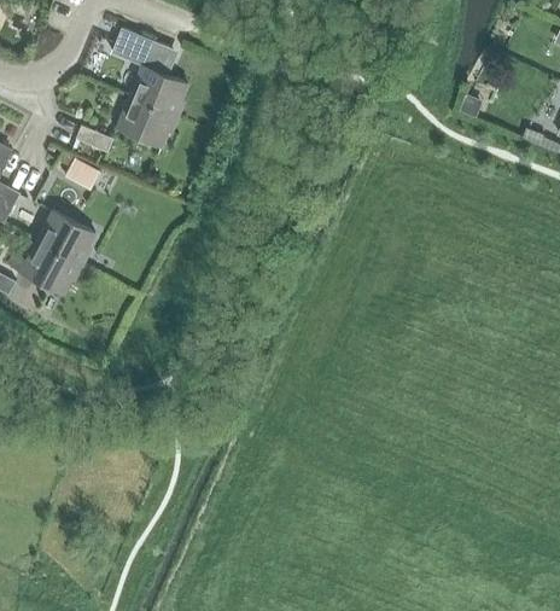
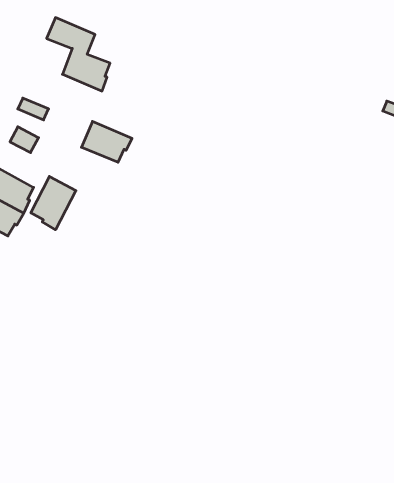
building: [117,95,179,145] -> [81,121,132,162]
building: none -> [31,176,76,230]

